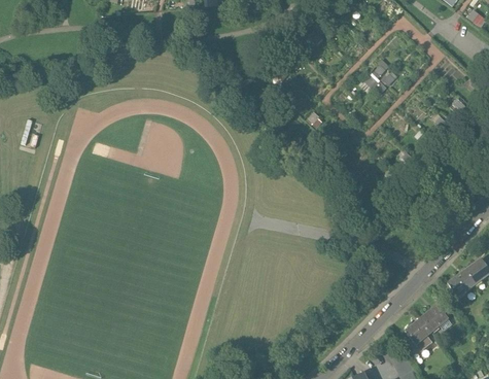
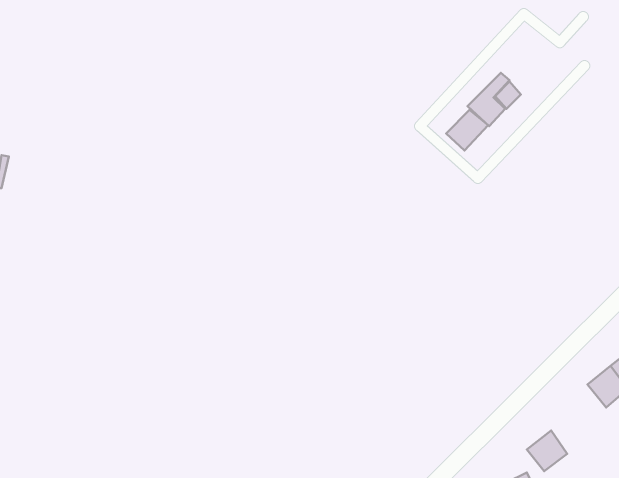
building: none -> [446,110,488,150]
building: [421,304,450,333] -> none

